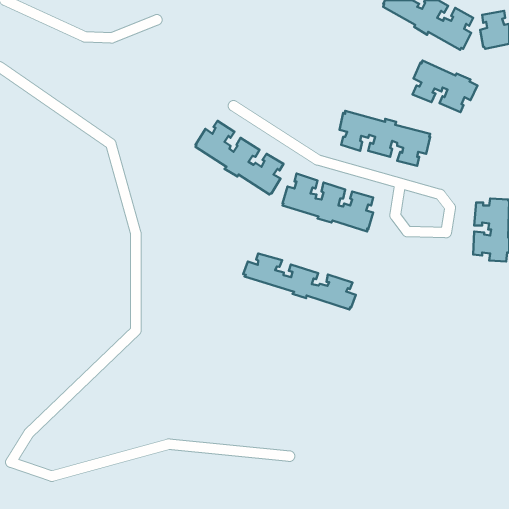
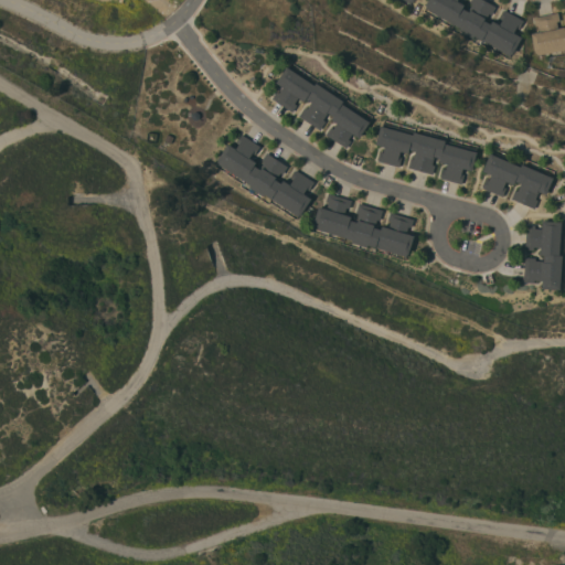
building: none -> [271,65,370,148]
building: [413,60,477,112] -> [481,151,553,209]
building: [243,253,356,309] -> none

